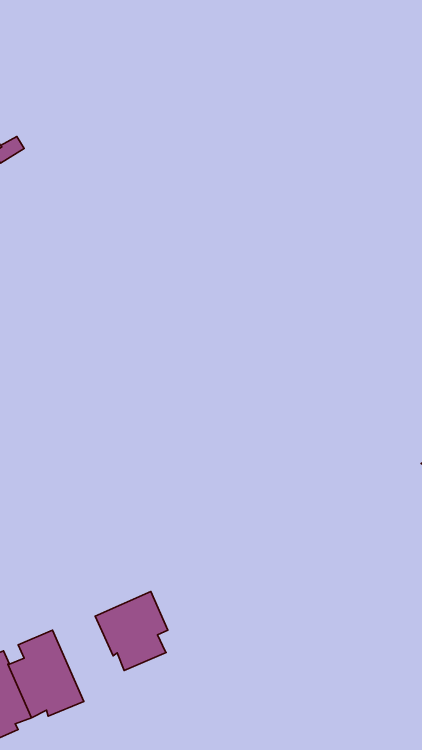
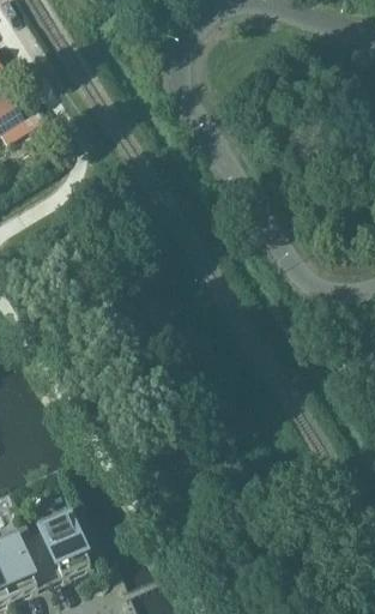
building: [95,592,168,670] -> none

